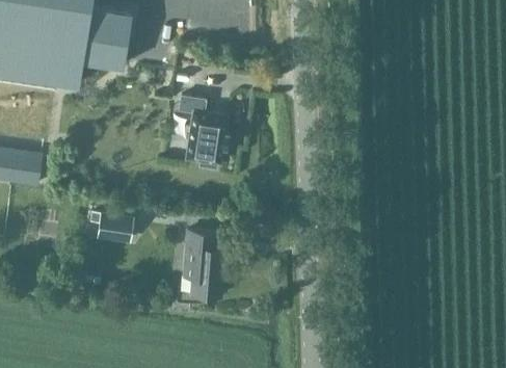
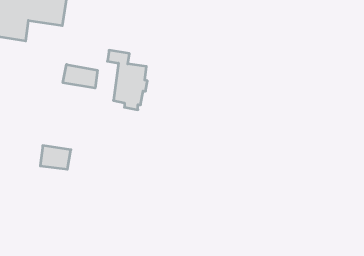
building: none -> [63,64,97,88]
building: [182,230,222,297] -> none

